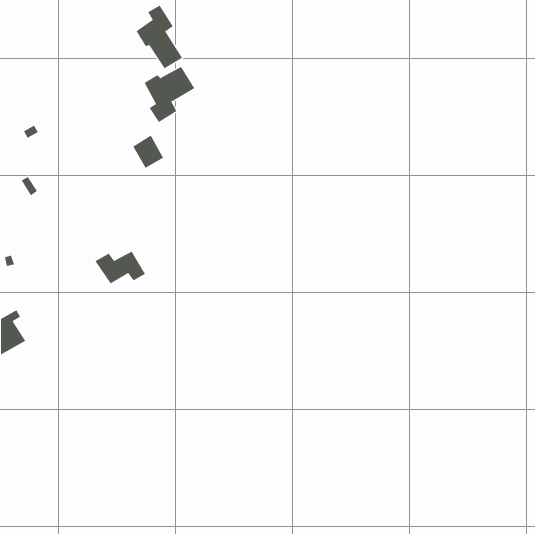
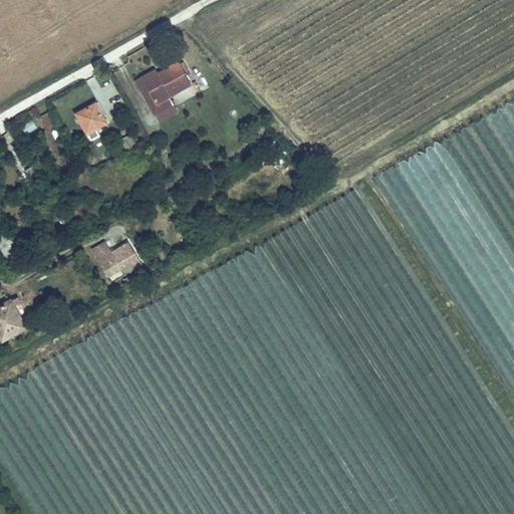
building: [136,5,183,69] -> none
building: [132,135,164,168] -> [73,107,103,140]

